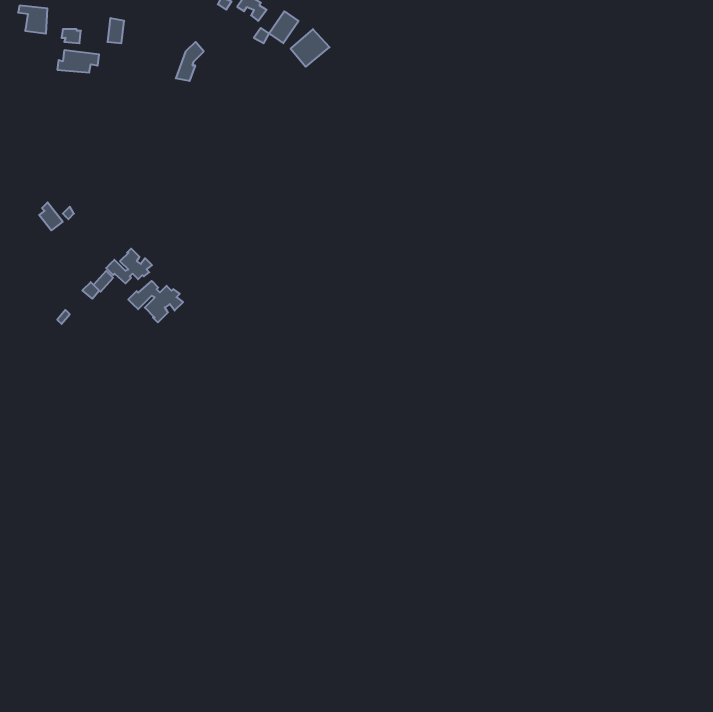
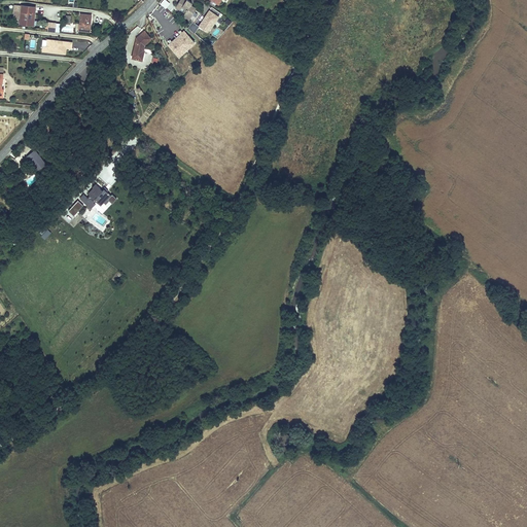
building: [291,29,330,67] -> [168,29,197,57]
building: [128,281,183,322] -> none

